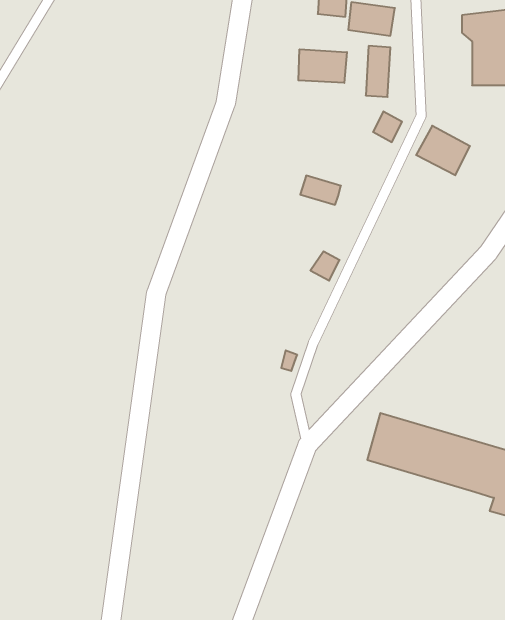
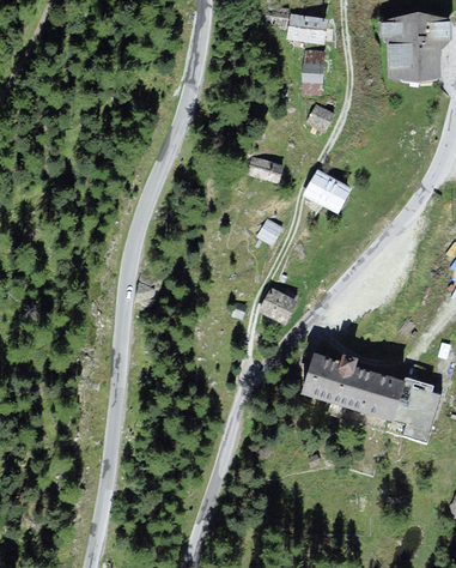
building: [298,49,347,83] -> none
building: [416,126,470,175] -> [305,170,349,211]
building: none -> [260,288,298,325]

